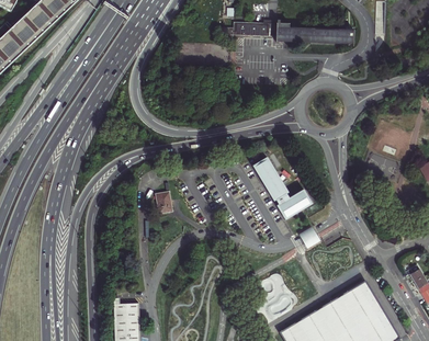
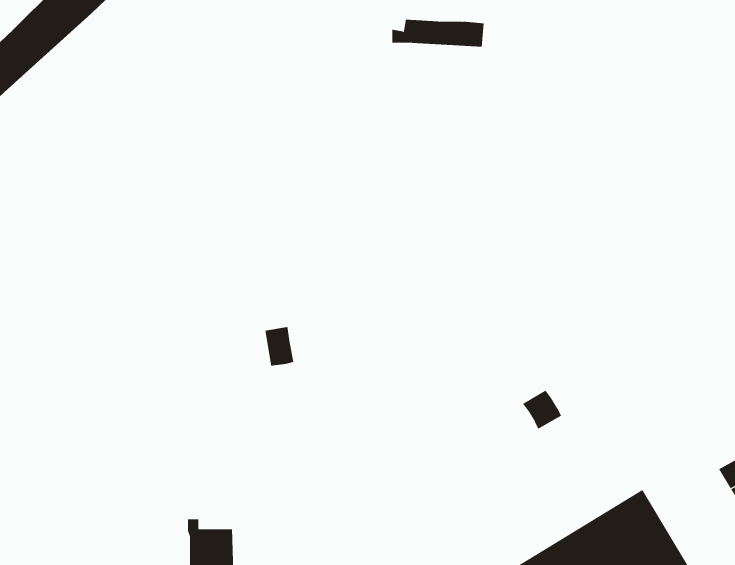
building: [274,20,353,43] -> none
building: [251,157,312,219] -> none

